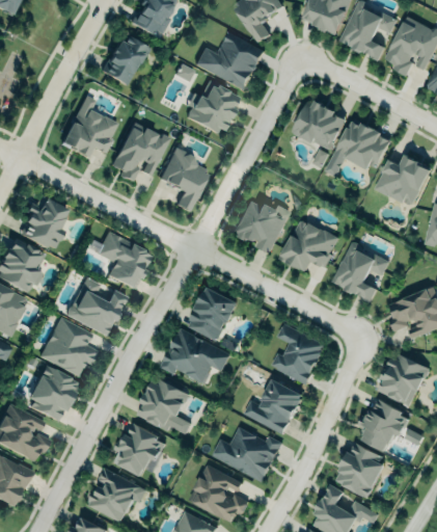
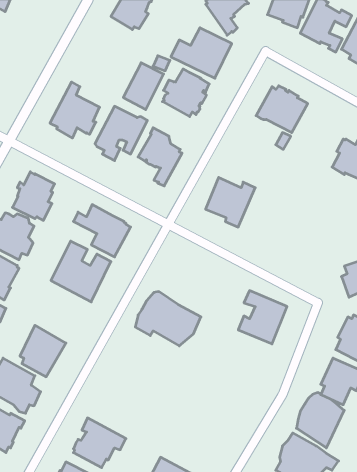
building: [104,35,148,87] -> [123,63,164,110]
building: [335,122,391,168] -> none
building: [281,220,338,273] -> none
building: [332,242,389,302] -> none
building: [189,287,238,341] -> none
building: [40,318,98,376] -> none
building: [137,378,191,434] -> none
building: [243,379,302,435] -> none
building: [114,422,165,477] -> none
building: [212,427,282,482] -> none
building: [188,464,248,523] -> none

